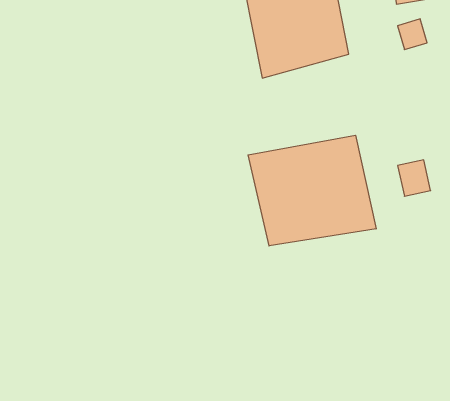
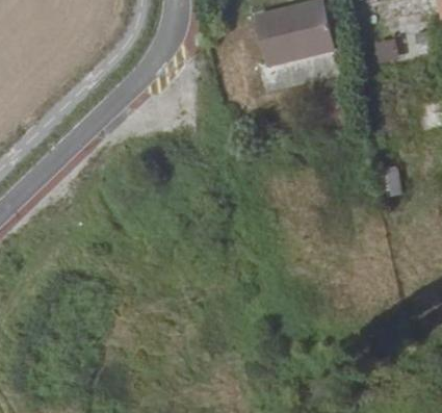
building: [248,135,376,246] -> none

